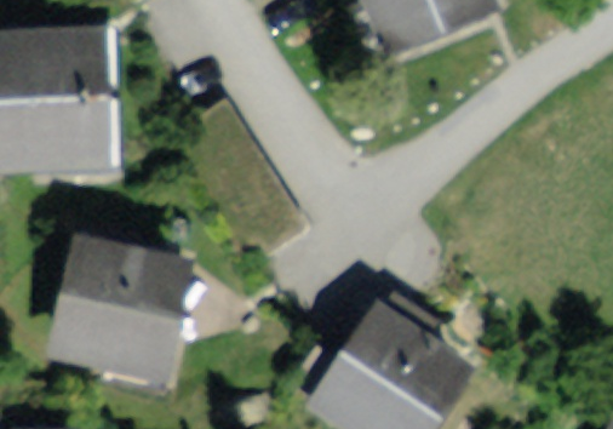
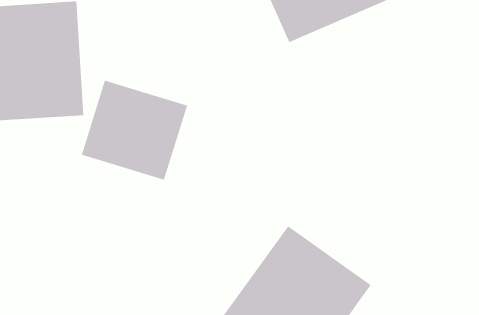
building: none -> [81,80,188,181]
building: [42,238,193,388] -> none

